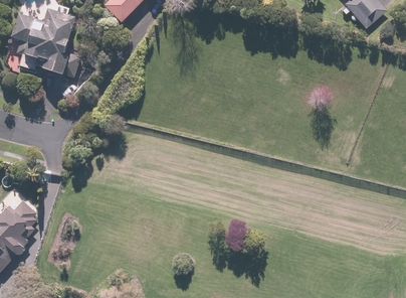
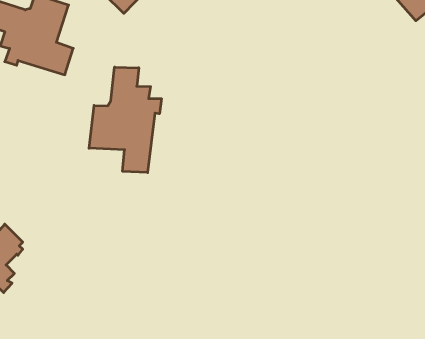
building: none -> [89,67,161,173]

